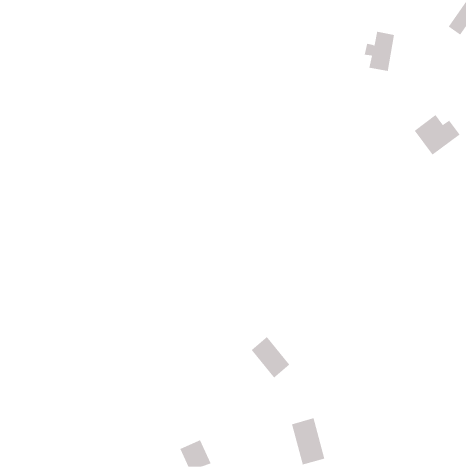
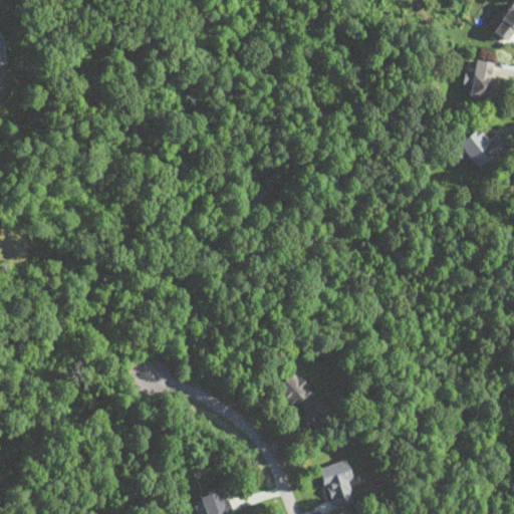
building: [364,31,395,71] -> [464,57,498,101]

